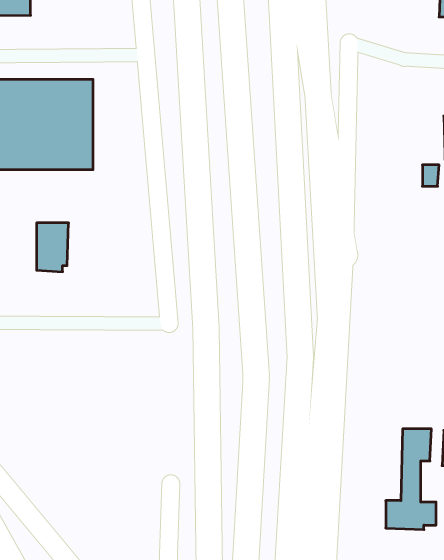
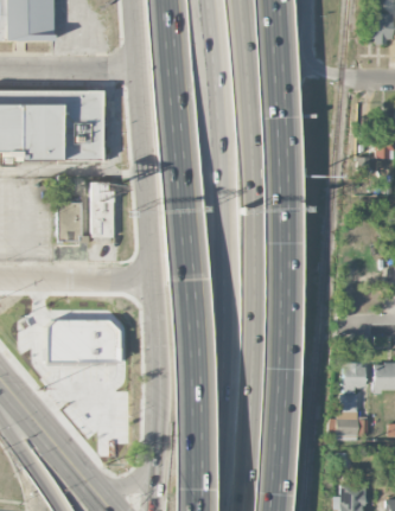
building: none -> [91,185,115,241]
building: none -> [44,319,117,360]

